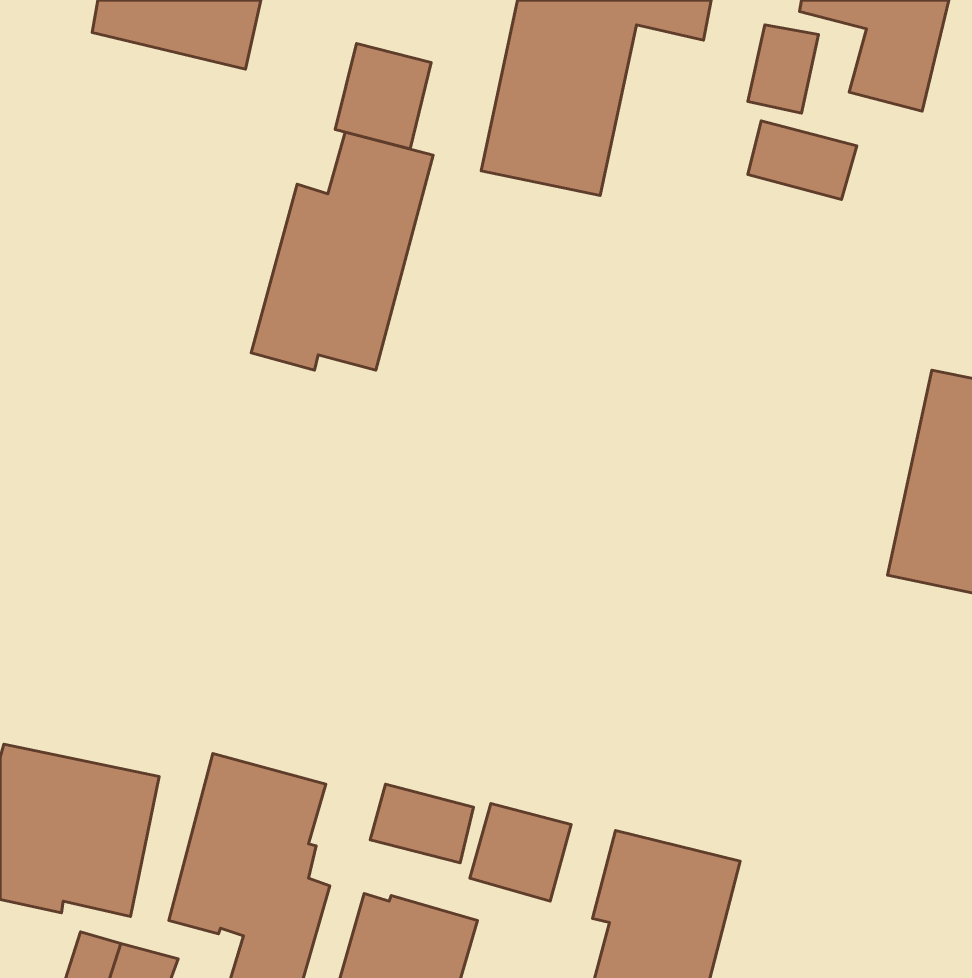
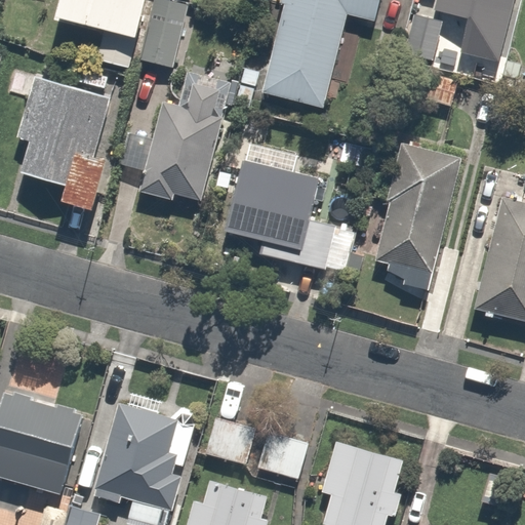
building: [335,43,431,149] -> [135,10,187,67]
building: none -> [13,75,113,211]
building: none -> [227,142,356,272]
building: none -> [375,144,457,290]

